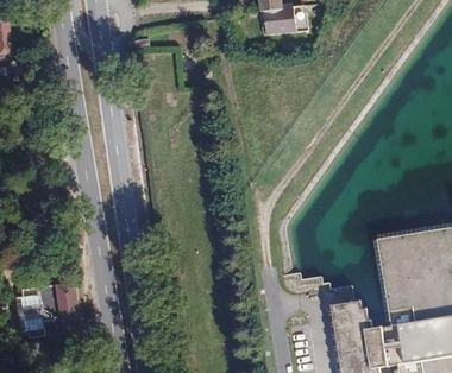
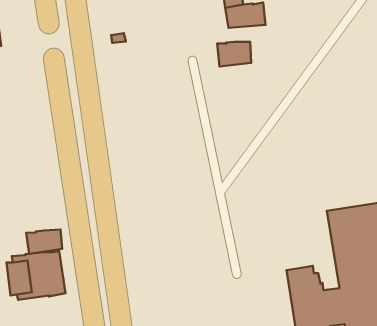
building: none -> [217,42,251,66]
building: none -> [26,230,62,254]

